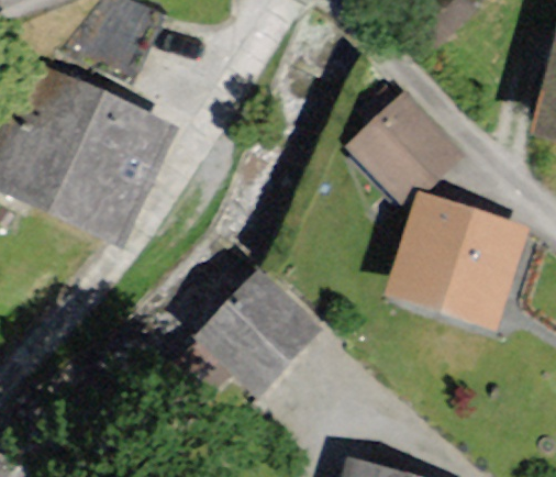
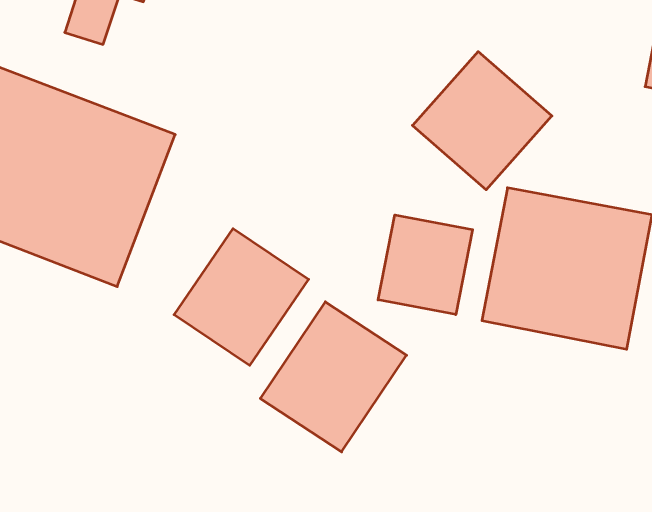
building: none -> [174,229,309,365]
building: none -> [378,215,473,315]

